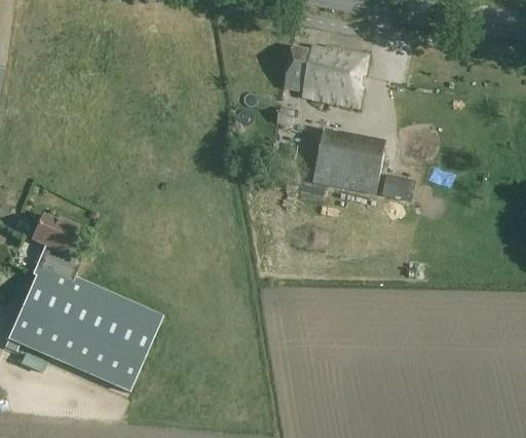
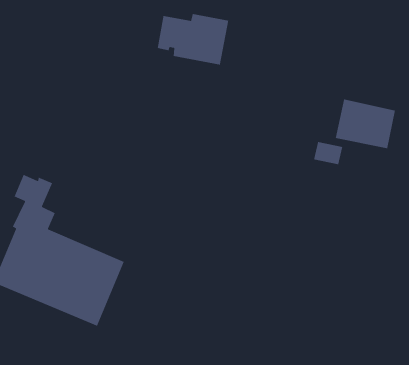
building: [283,44,367,105] -> [157,13,229,65]
building: [313,135,384,193] -> [335,99,396,149]

